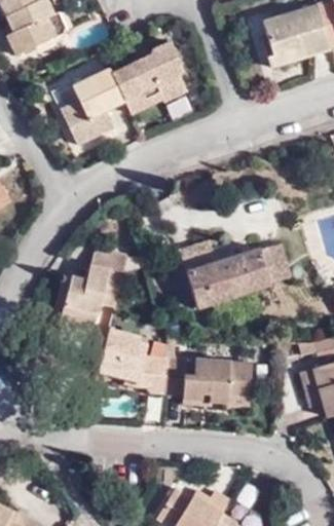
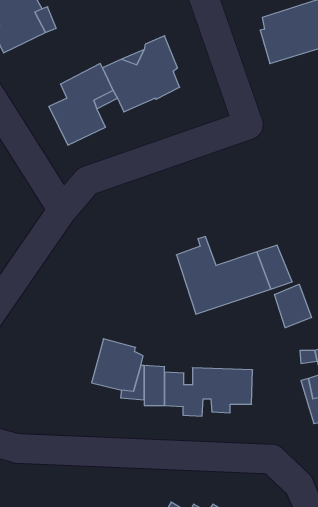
building: [61,247,129,335] -> none
building: none -> [275,284,311,328]

